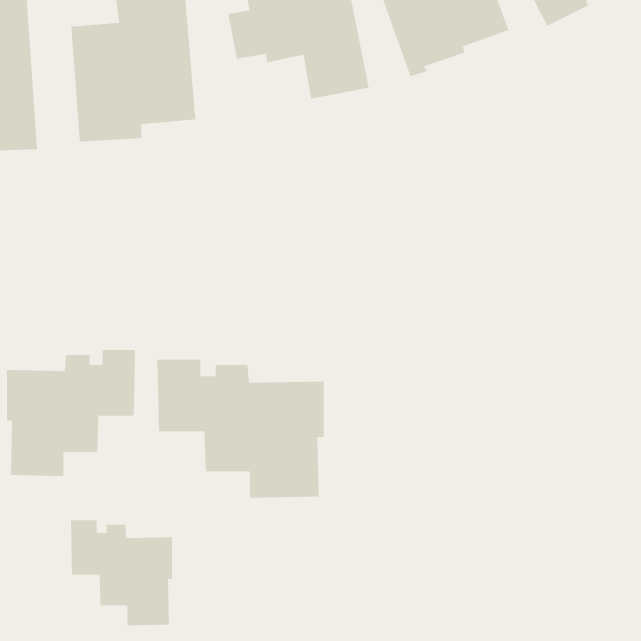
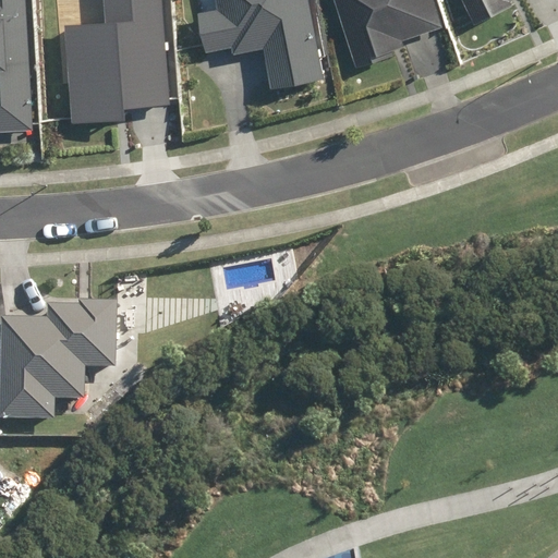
building: [157,359,324,499] -> none
building: [71,520,172,626] -> none

